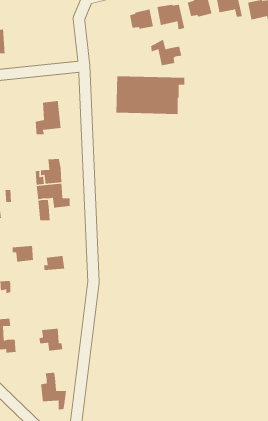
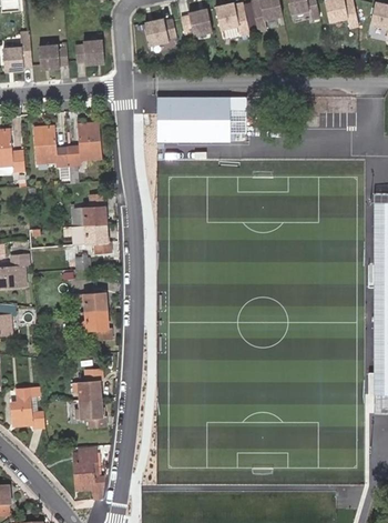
building: none -> [146,20,176,47]
building: none -> [75,38,104,63]
building: none -> [40,43,69,69]
building: [150,38,182,66] -> none
building: none -> [32,125,70,175]
building: [12,245,34,262] -> [75,291,102,312]
building: none -> [70,371,98,400]

